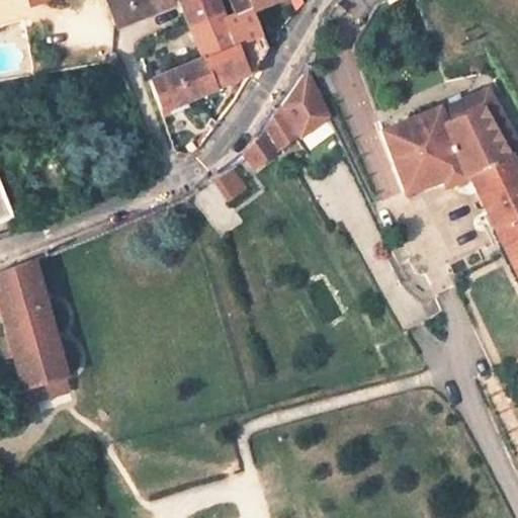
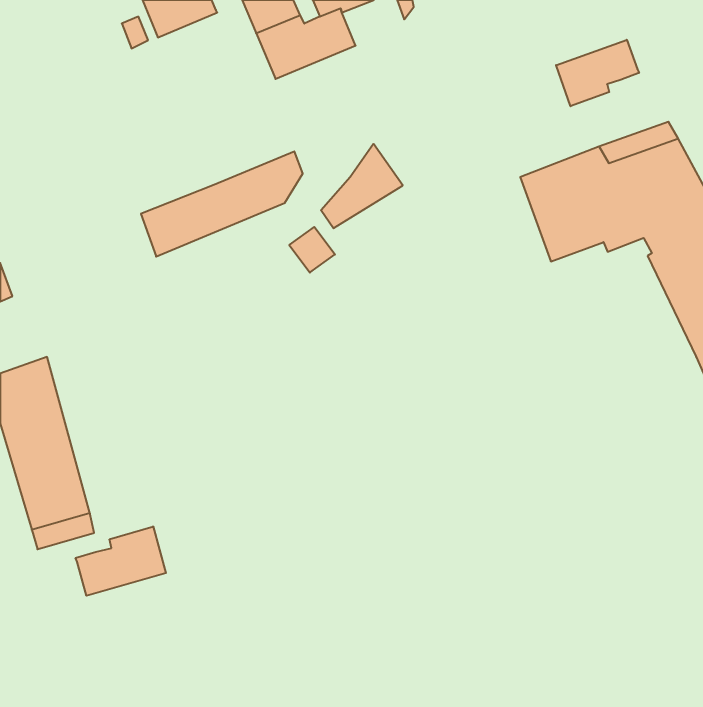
building: none -> [556,40,639,106]
building: [151,33,269,110] -> [141,151,303,257]
building: [276,70,331,136] -> none
building: none -> [76,526,166,596]

